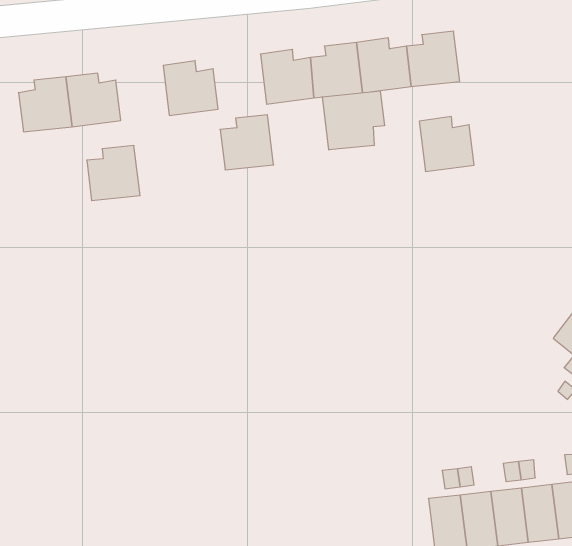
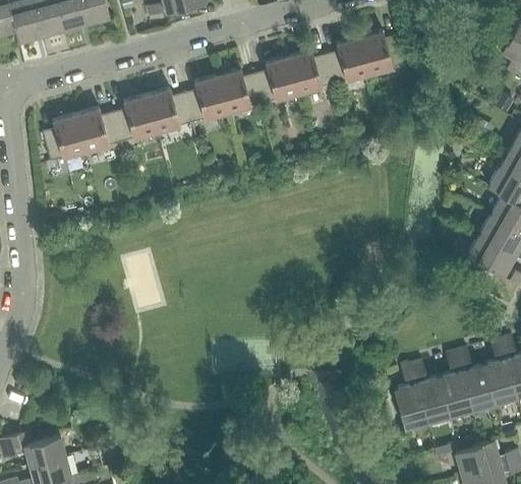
building: [322,91,384,150] -> none
building: [220,115,274,170] -> [184,77,228,123]
building: [419,117,474,171] -> [359,32,405,75]
building: [87,146,140,201] -> [113,97,157,142]

